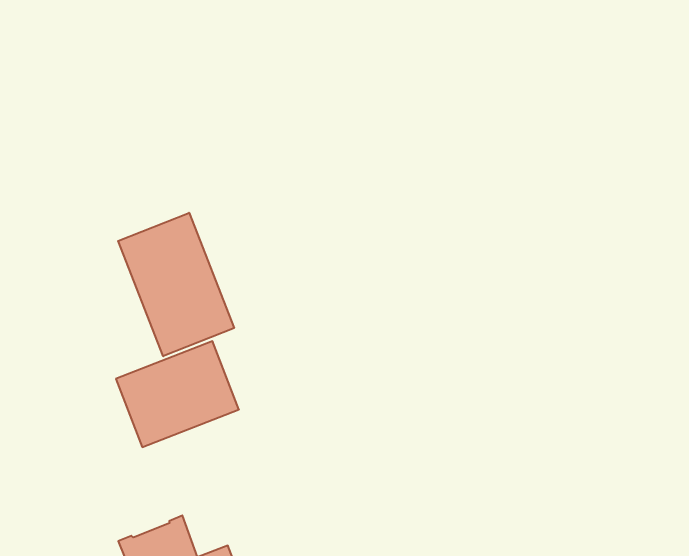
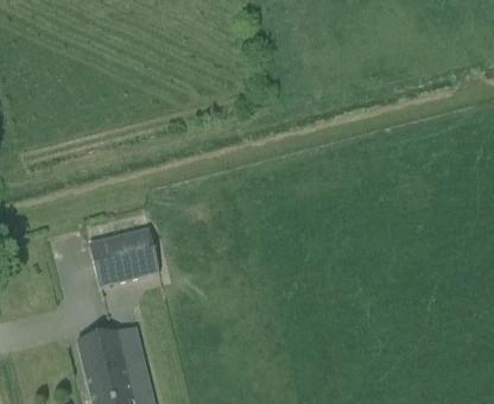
building: [118,213,234,356] -> none

